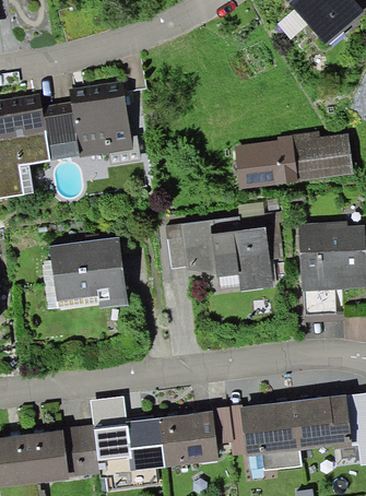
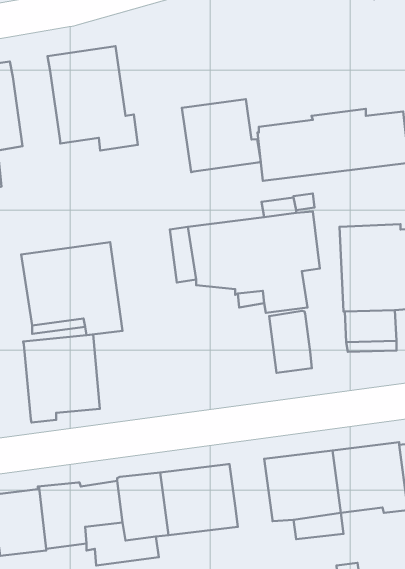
building: [42,102,79,161] -> none
building: none -> [182,99,261,172]
building: none -> [269,311,312,373]
building: none -> [23,334,100,422]
building: [90,397,126,428] -> none
building: [211,405,246,456] -> none

